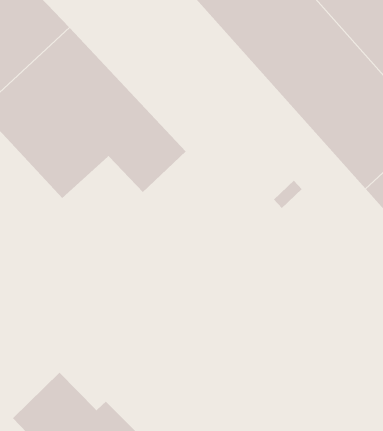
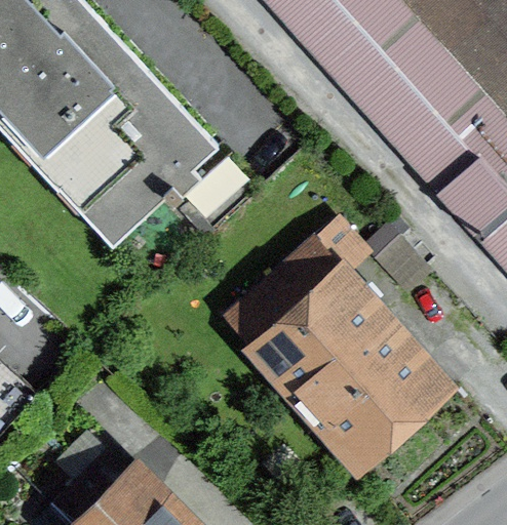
building: none -> [238,249,431,449]

